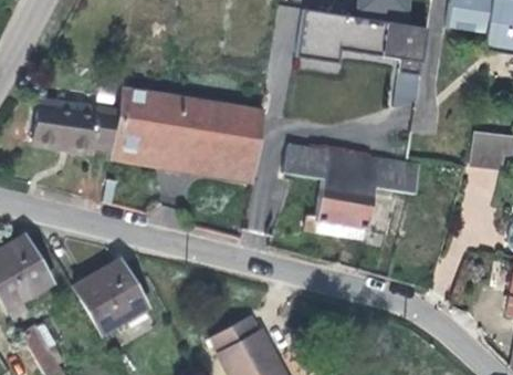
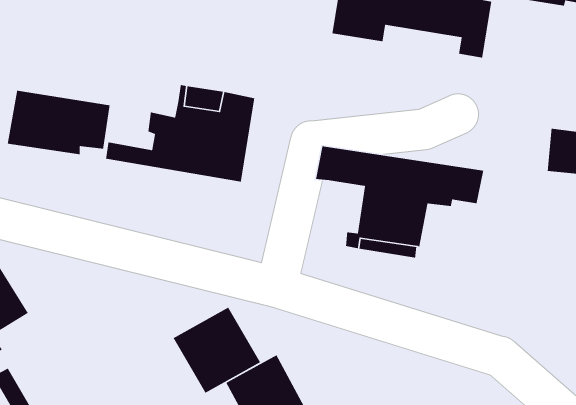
building: [115,87,174,148] -> none
building: [223,106,263,179] -> none
building: [75,261,147,332] -> [173,307,261,394]

